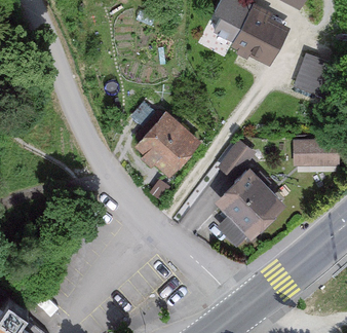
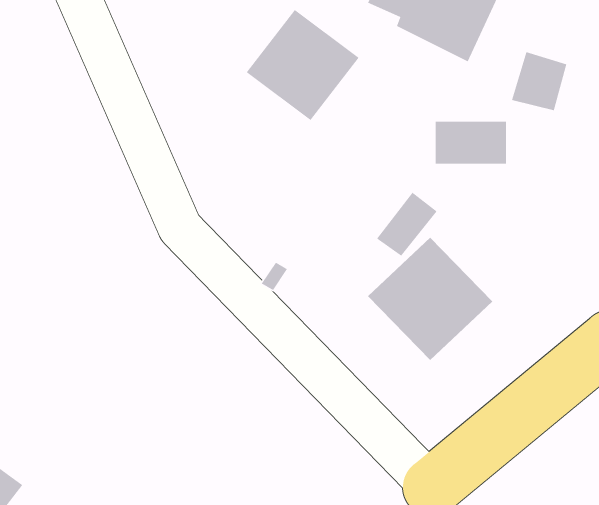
building: [137,113,201,177] -> [246,9,359,121]
building: [295,143,336,168] -> [435,121,507,164]

